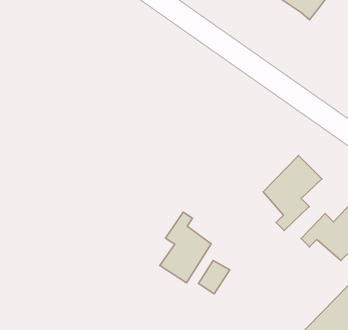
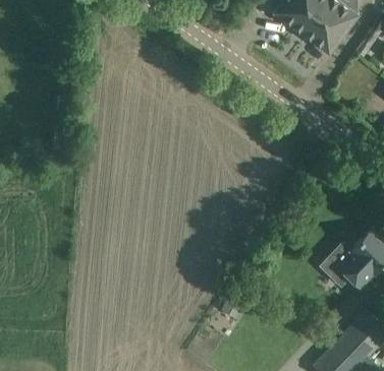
building: [263,155,322,231] -> none
building: [160,212,211,283] -> none

